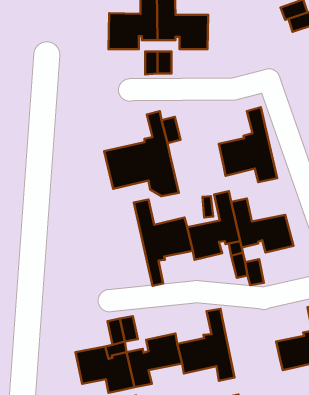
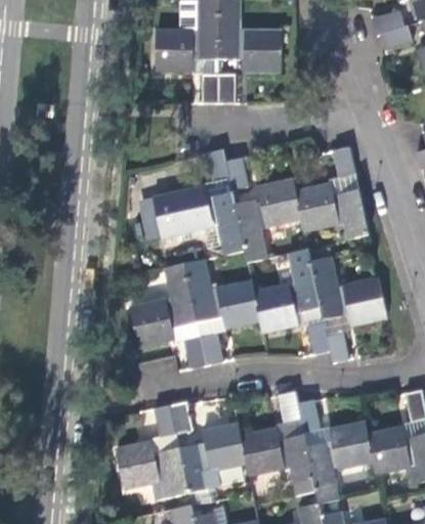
building: none -> [232,178,300,261]
building: none -> [129,263,211,372]
building: none -> [298,404,371,491]

